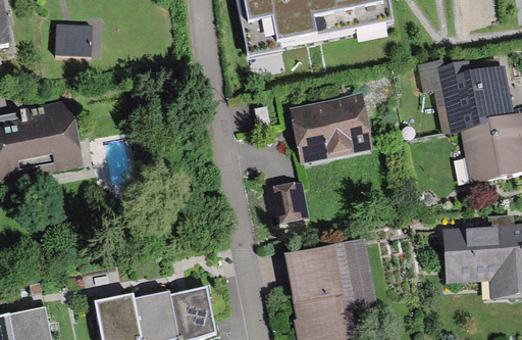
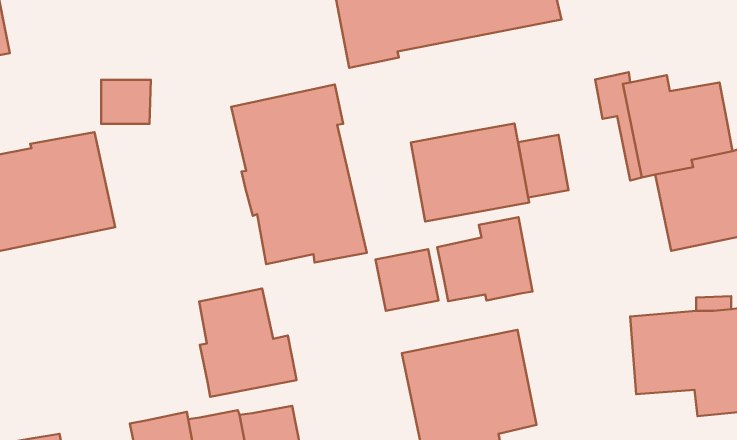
building: [57,26,92,56] -> [101,80,151,124]
building: none -> [231,85,367,264]
building: none -> [518,135,569,197]
building: none -> [437,217,532,301]
building: none -> [199,289,296,397]

